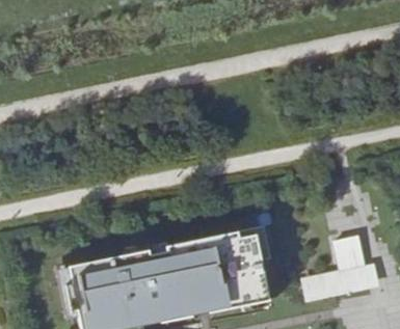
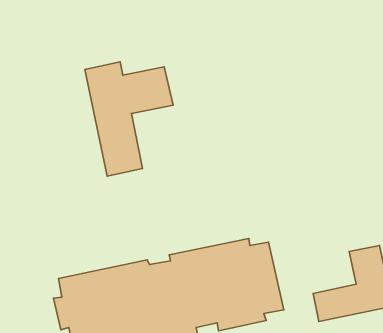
building: none -> [85,62,173,176]

